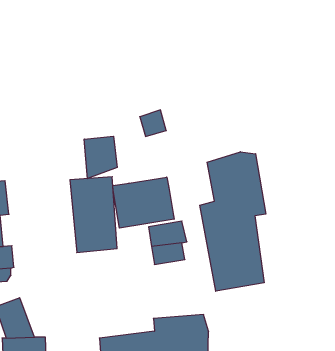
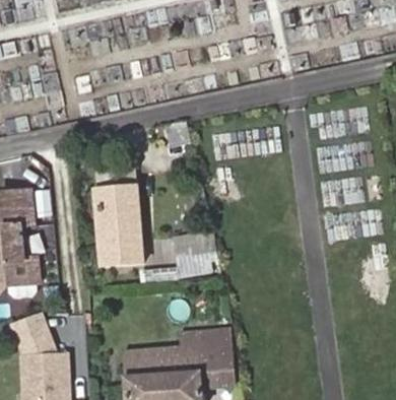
building: [84,136,117,179] -> none
building: [200,152,266,291] -> none
building: [113,177,174,228] -> none

